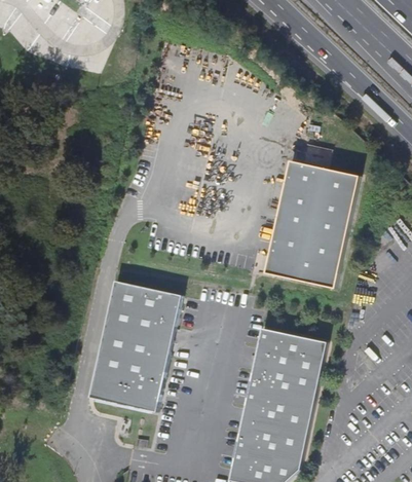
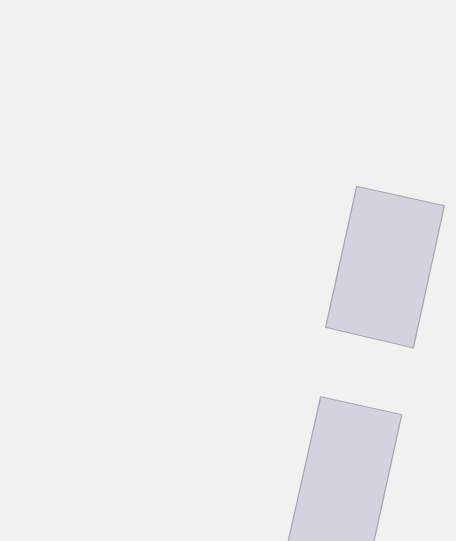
building: [88,279,181,410] -> none

